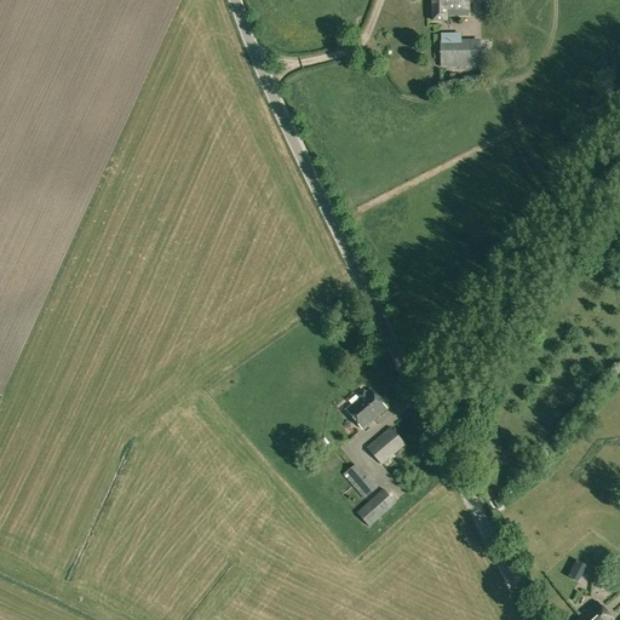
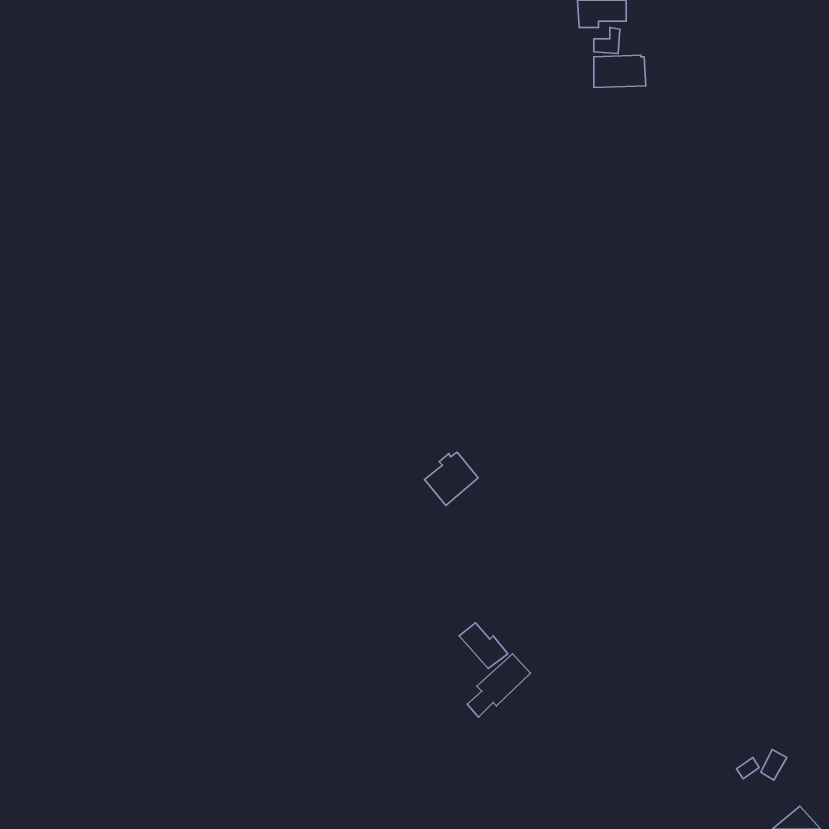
building: [346,389,386,429] -> [425,452,478,506]
building: [367,426,406,464] -> none

